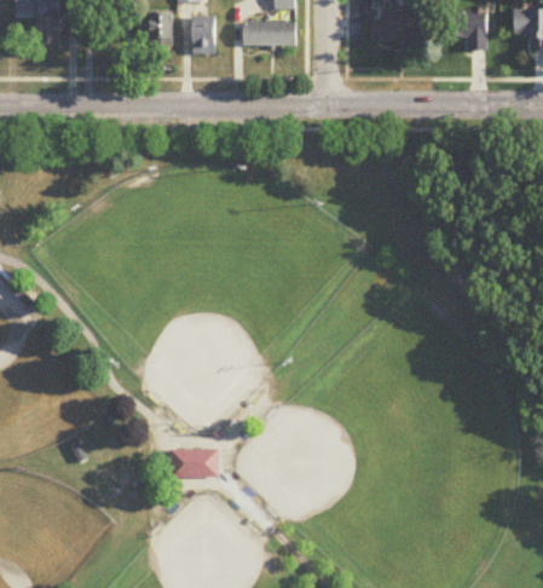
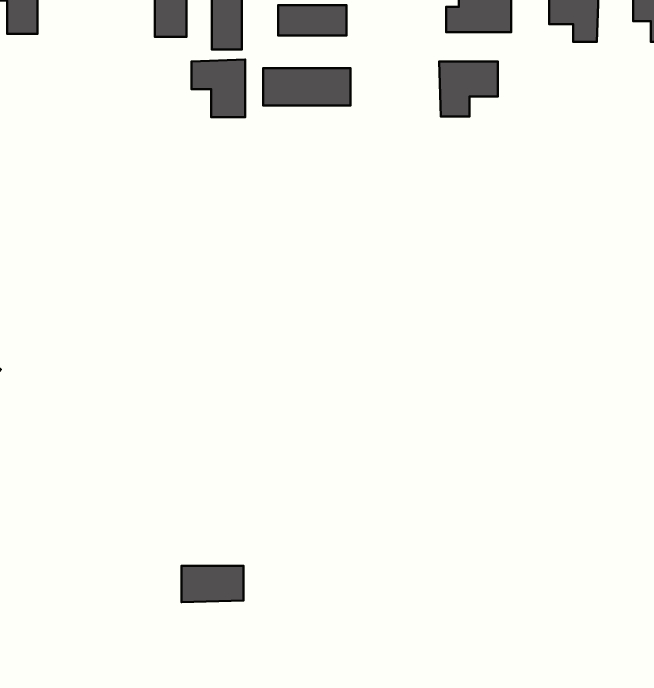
building: none -> [191,60,245,117]
building: none -> [439,62,498,117]
building: none -> [263,68,350,105]

